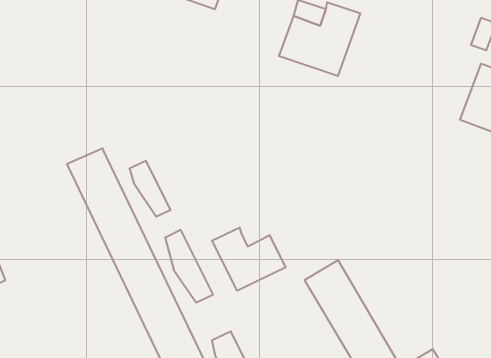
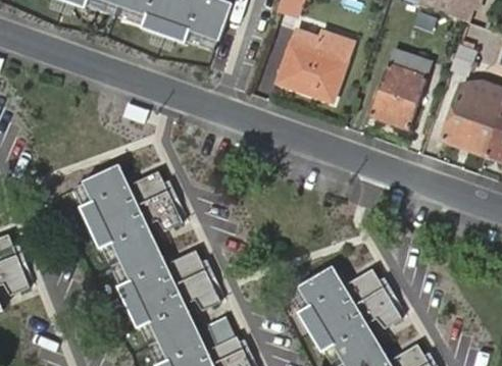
building: none -> [372,52,433,127]
building: [212,227,286,291] -> none
building: none -> [357,272,399,324]

